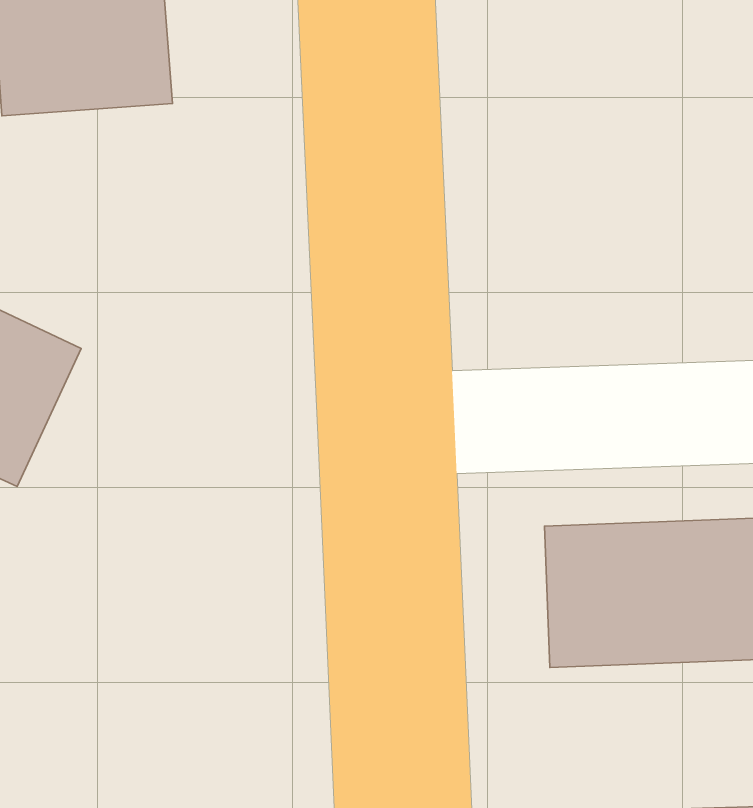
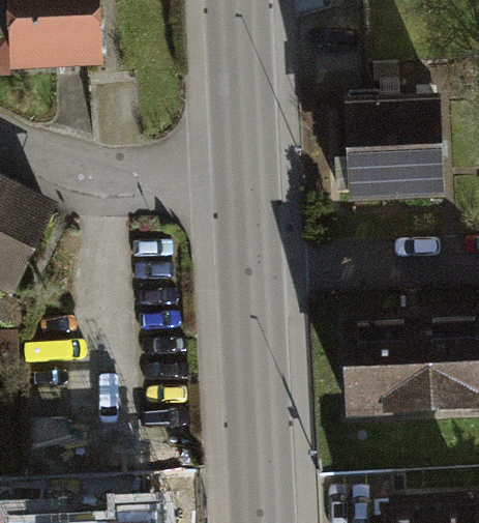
building: none -> [341,96,435,194]

